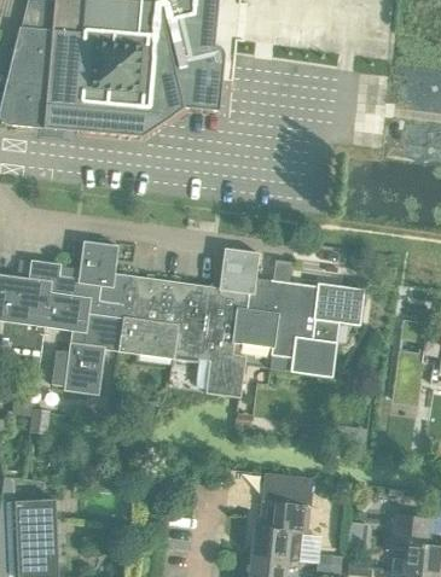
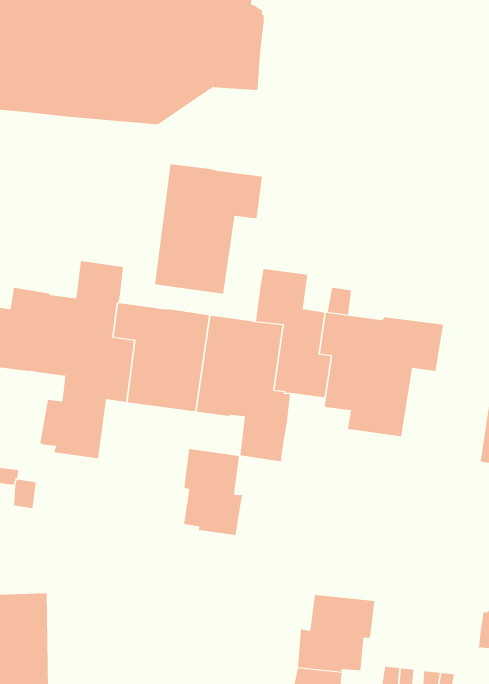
building: none -> [154,164,263,294]
building: none -> [184,448,243,536]
building: [263,471,313,505] -> none

